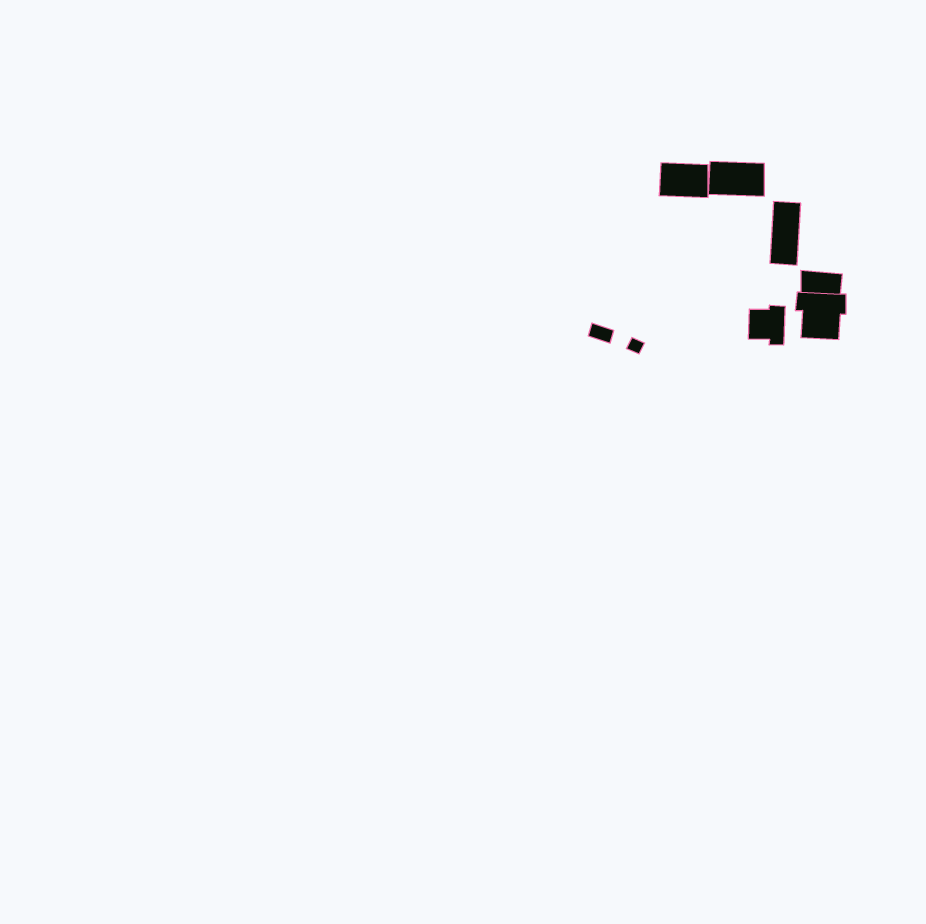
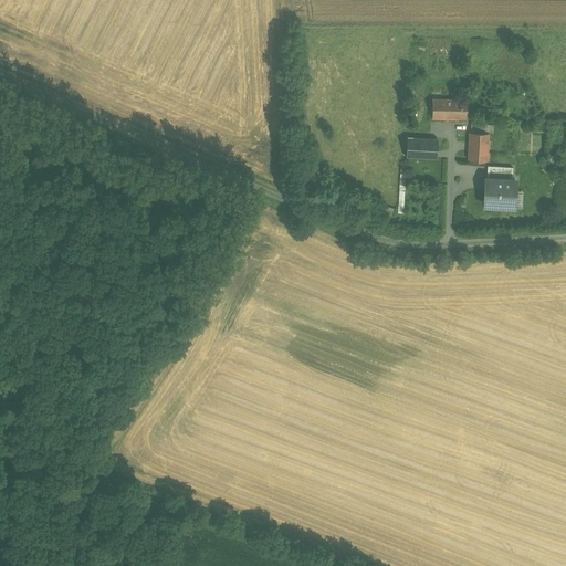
building: [659,163,708,197] -> [407,139,437,160]
building: [748,305,785,345] -> none

